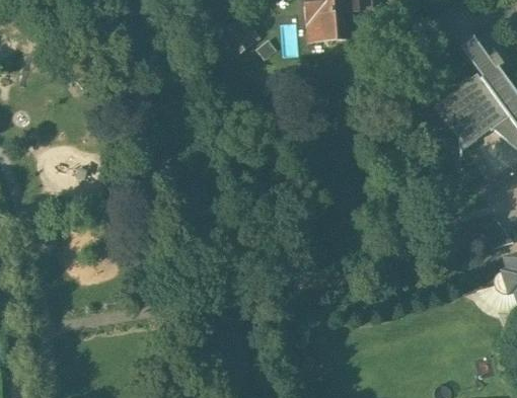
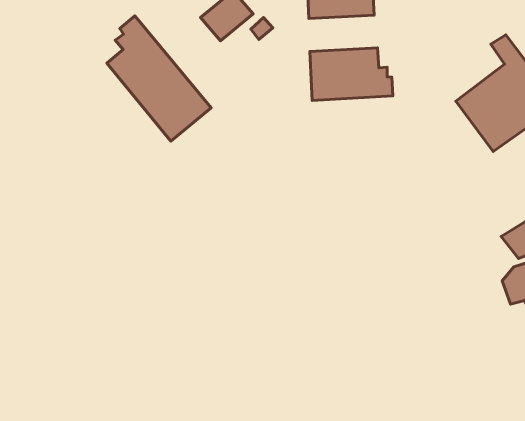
building: none -> [107,16,211,141]
building: none -> [310,48,393,101]

